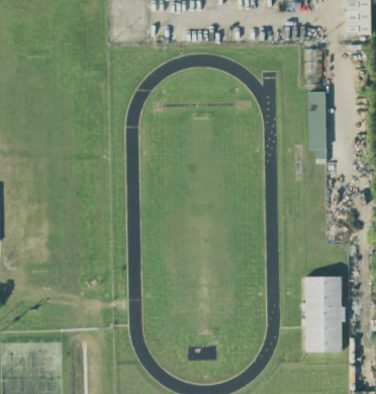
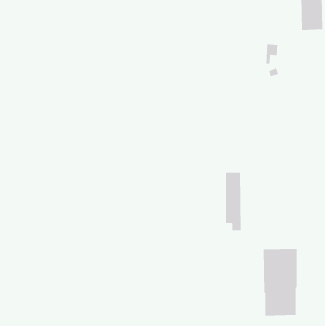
building: [305,92,323,158] -> [225,172,242,231]

